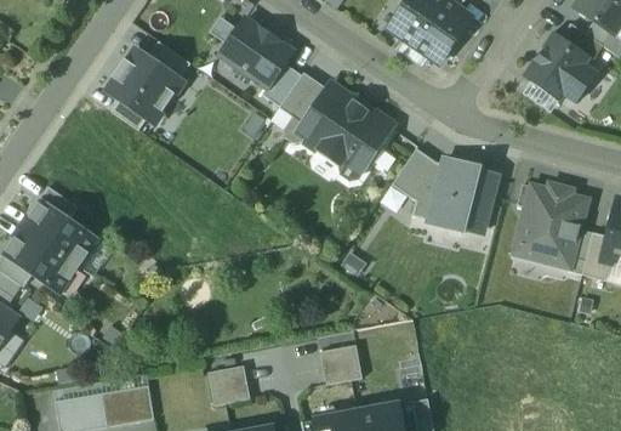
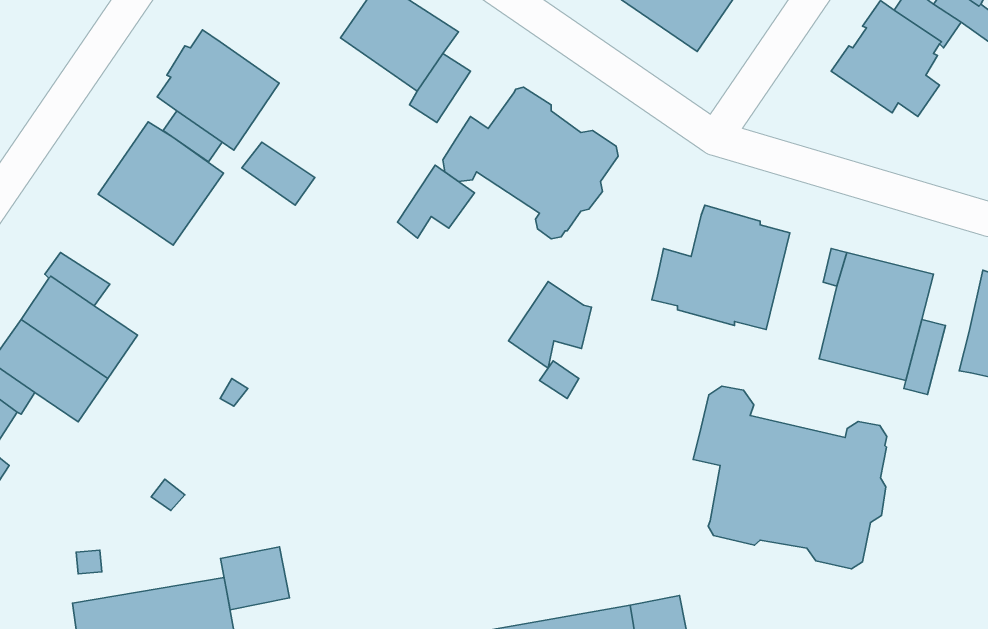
building: [146,40,190,79] -> [242,142,315,205]
building: [279,70,326,115] -> [398,165,475,238]
building: none -> [98,122,223,245]
building: [391,147,441,200] -> [509,282,591,368]
building: [581,231,608,279] -> none
building: none -> [693,386,887,569]
building: [319,344,361,384] -> none
building: [206,367,249,406] -> [220,547,289,610]

